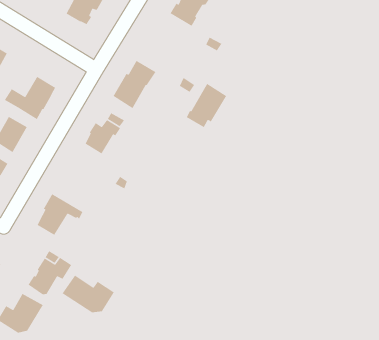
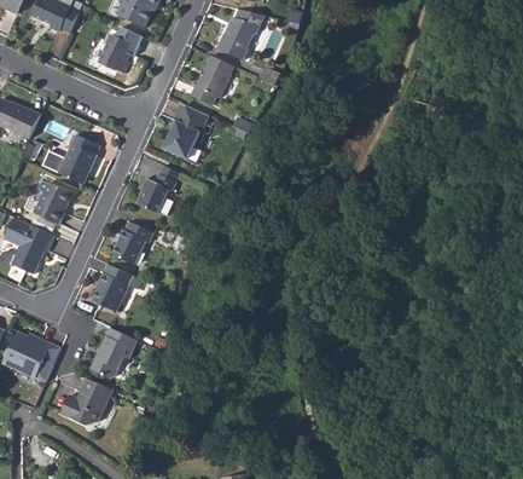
building: [186,83,227,128] -> [191,54,234,105]
building: none -> [111,220,152,264]
building: [61,275,115,313] -> none

